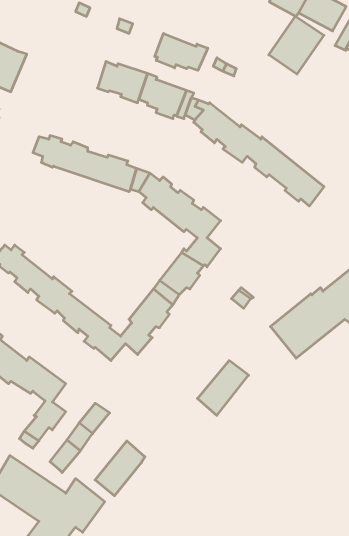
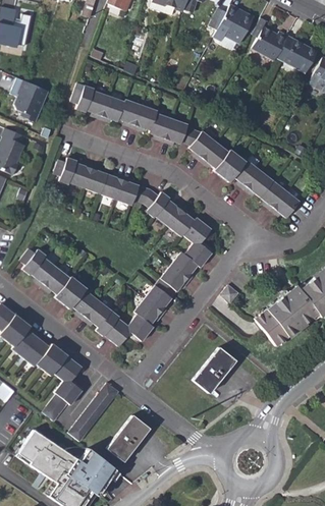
building: [269,16,324,74] -> none
building: [155,33,208,70] -> none
building: none -> [70,85,116,121]

